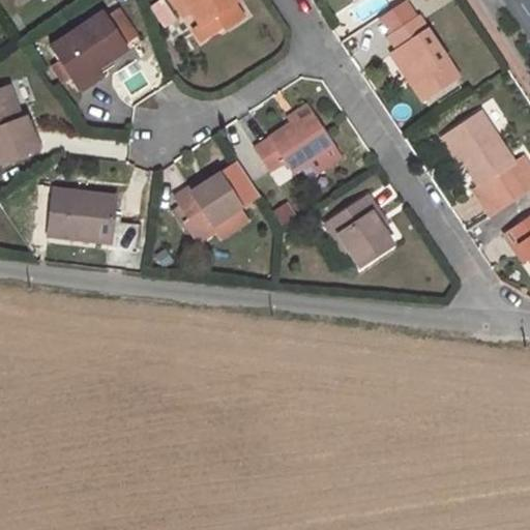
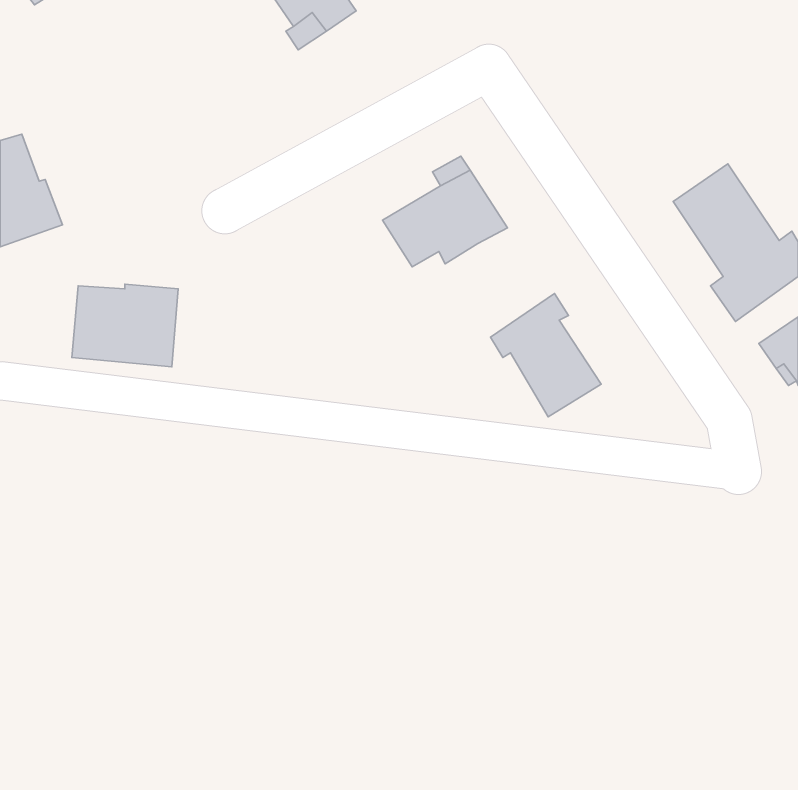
building: [57,14,137,88] -> none
building: [388,14,460,99] -> none
building: [175,169,248,244] -> none

